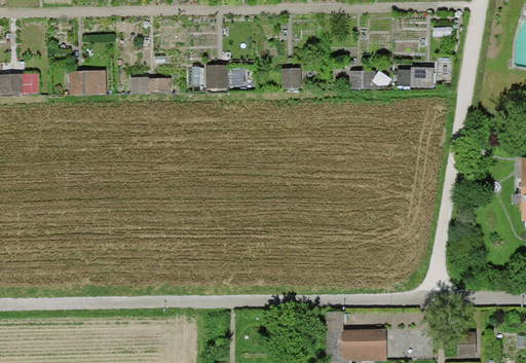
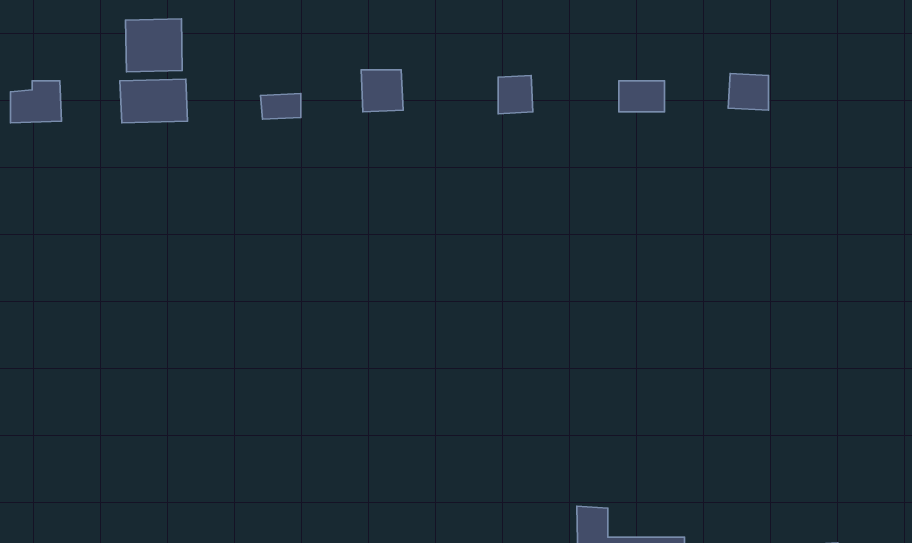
building: none -> [126,19,182,72]

